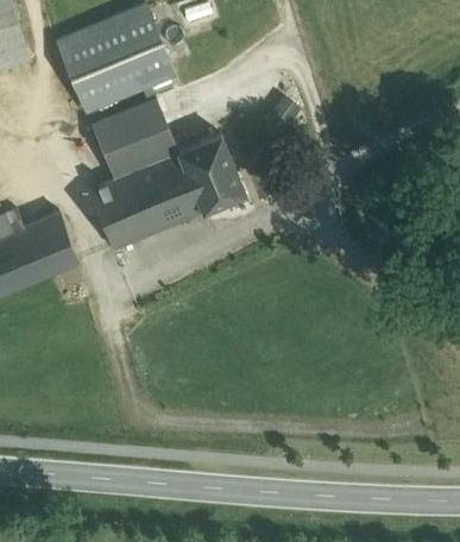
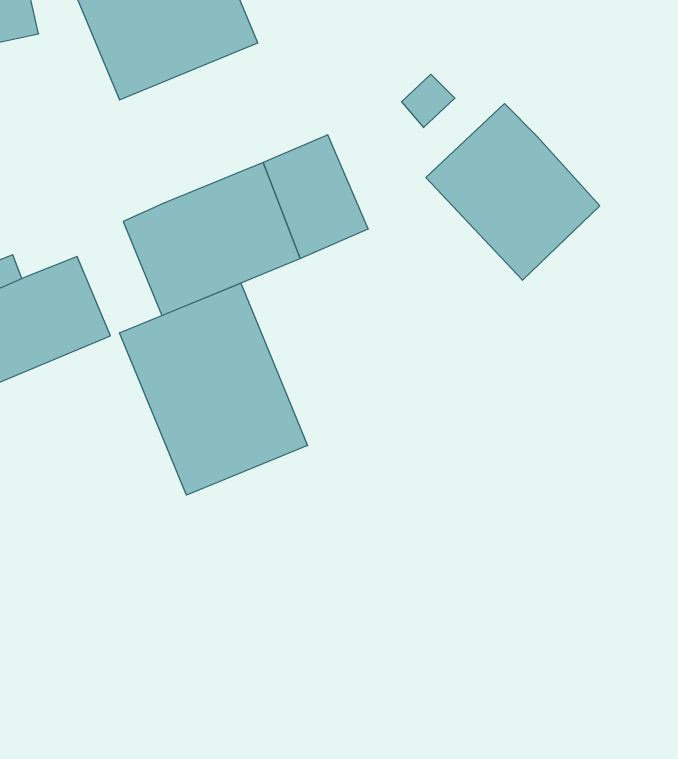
building: [90,97,177,178] -> none
building: none -> [426,104,600,280]
building: none -> [120,283,308,495]

